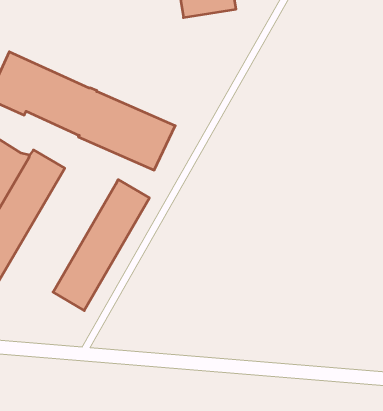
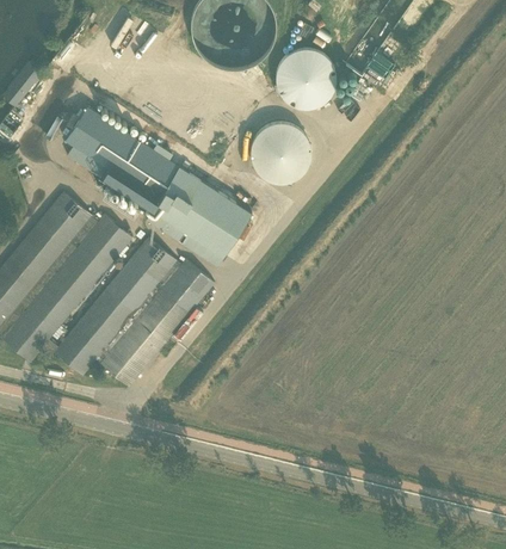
building: none -> [245,116,314,186]
building: none -> [53,238,180,375]

